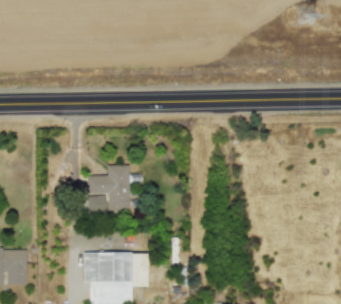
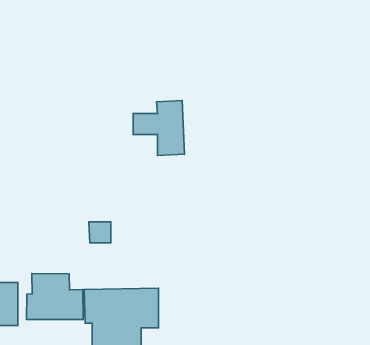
building: [87,164,131,211] -> [133,101,184,155]
building: none -> [26,274,83,320]

